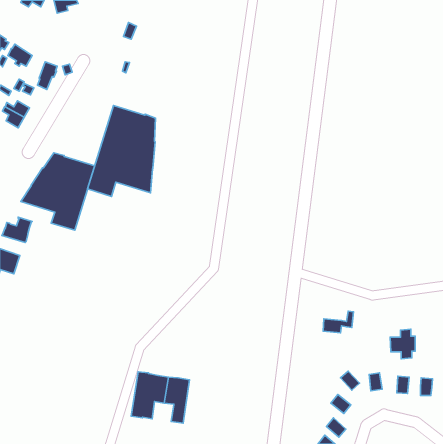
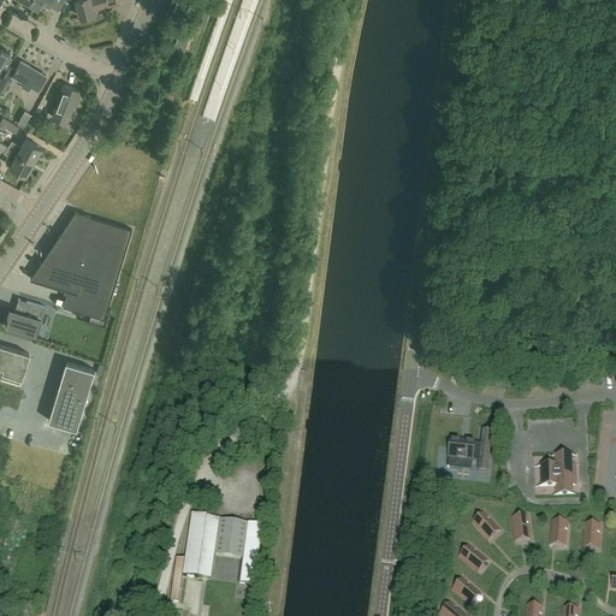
building: [88,106,156,197] -> none
building: none -> [48,361,94,428]

